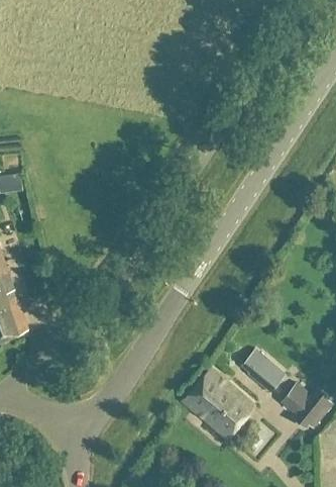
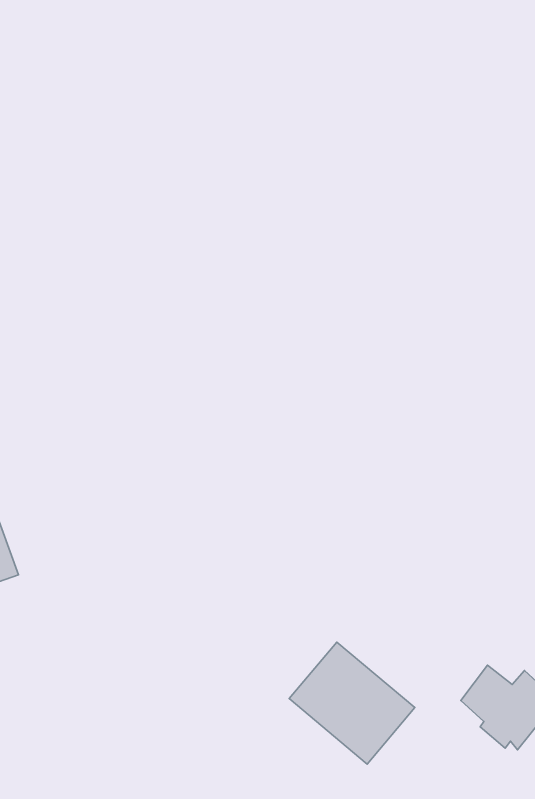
building: [248,356,288,393] -> none

